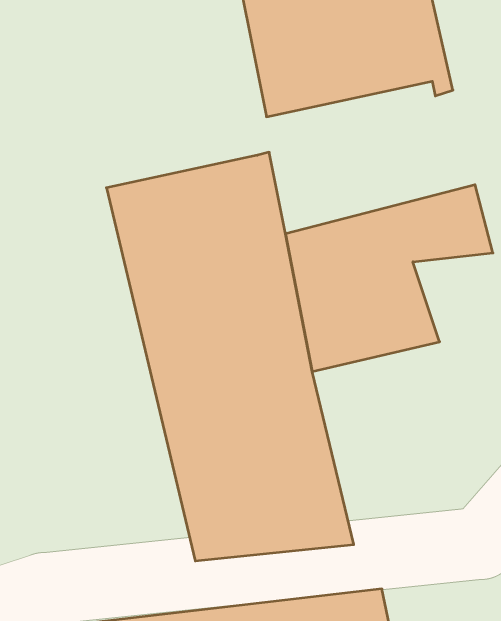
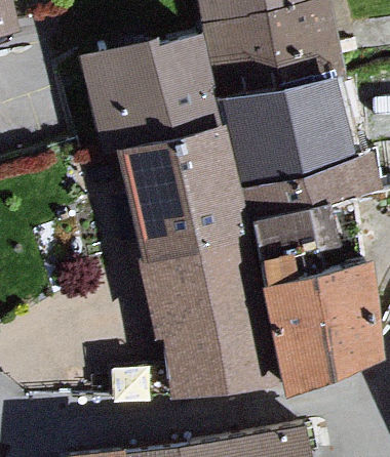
building: none -> [87,31,216,150]
building: none -> [222,76,357,178]
building: none -> [254,258,380,397]

